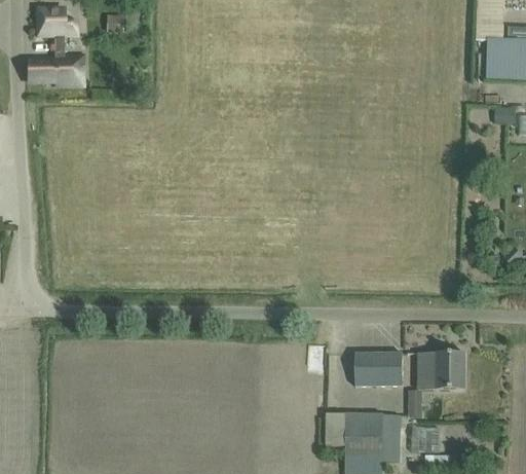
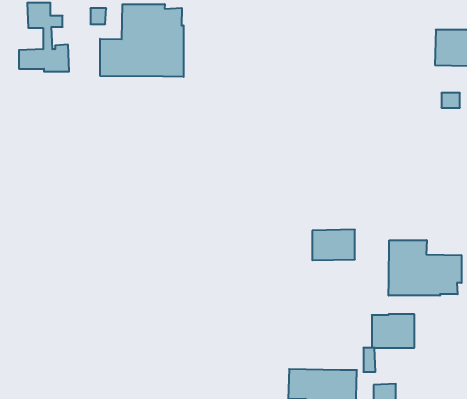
building: none -> [100,4,184,77]
building: none -> [389,240,462,296]
building: [354,352,402,386] -> [312,230,355,260]

